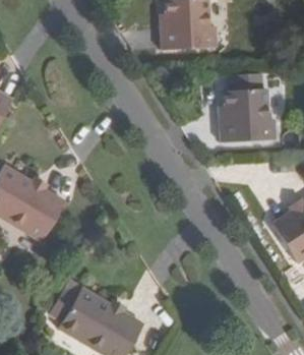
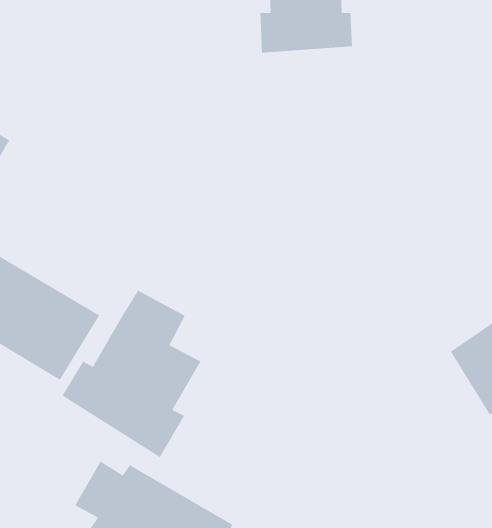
building: [219,73,273,140] -> none
building: none -> [62,290,201,458]

